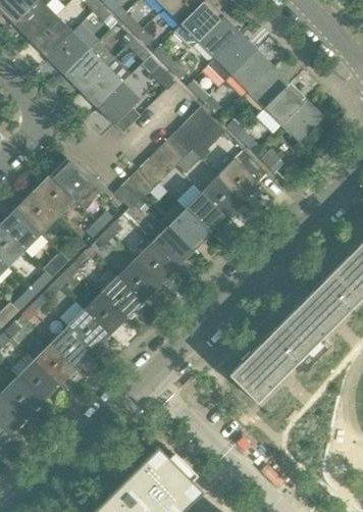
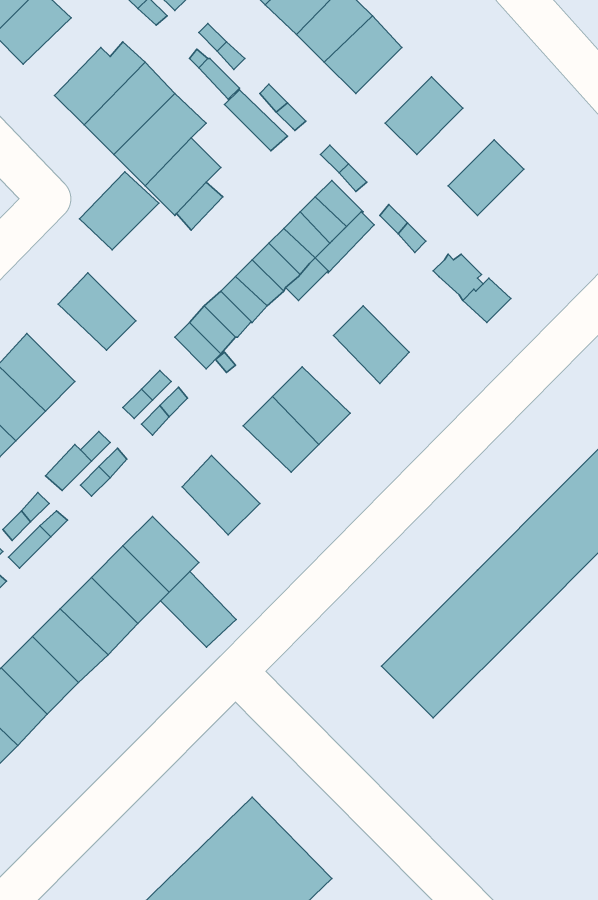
building: [31,16,73,59] -> none
building: [207,33,256,82] -> none
building: [248,66,291,109] -> none
building: [281,100,324,143] -> none
building: none -> [80,172,159,250]
building: [218,150,267,201] -> none
building: [33,174,76,217] -> none
building: [185,192,227,235] -> none
building: [135,242,178,285] -> none
building: [102,275,144,317] -> [160,571,236,647]

